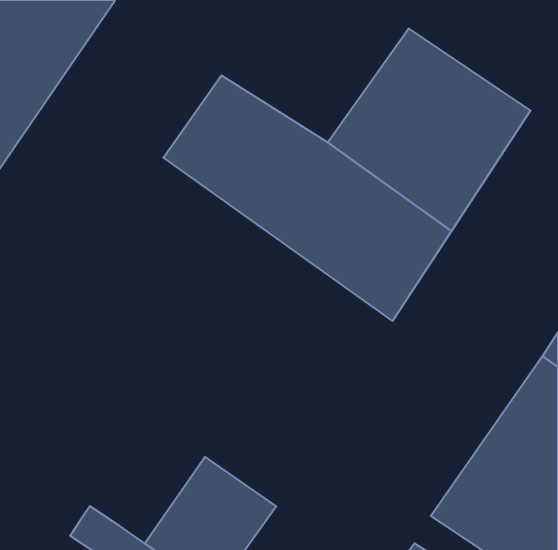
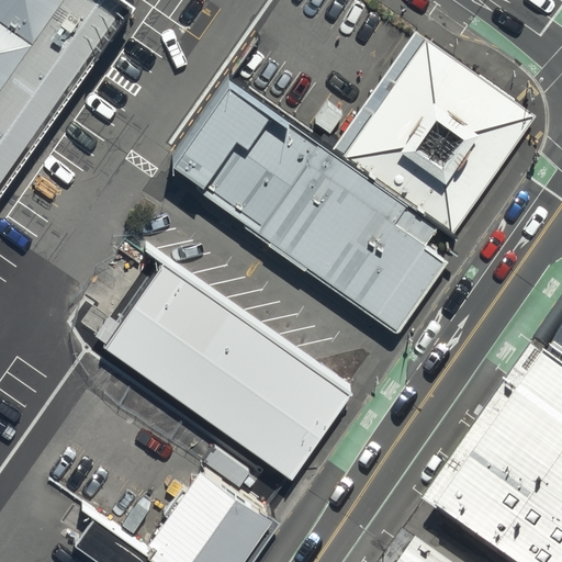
building: none -> [113,261,358,475]

